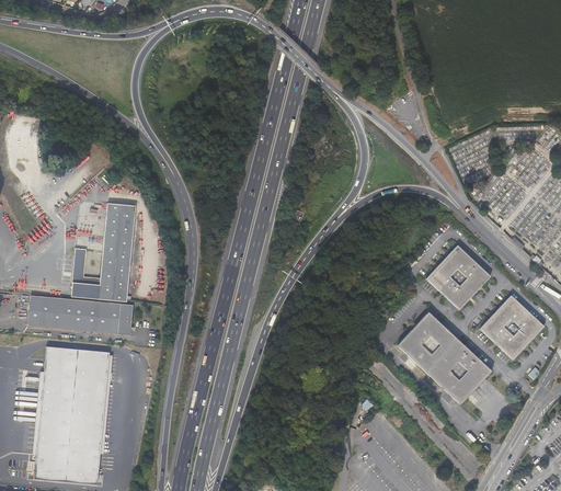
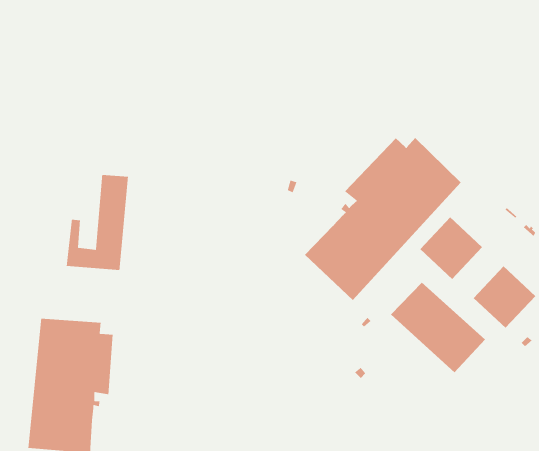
building: none -> [304,137,461,301]
building: [28,296,133,334] -> none

